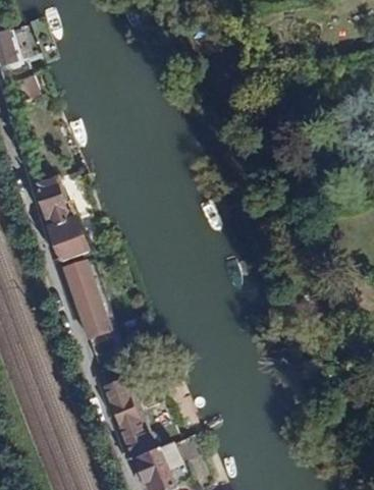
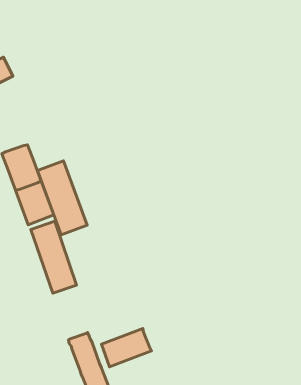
building: none -> [37,161,87,235]
building: none -> [101,329,152,367]

